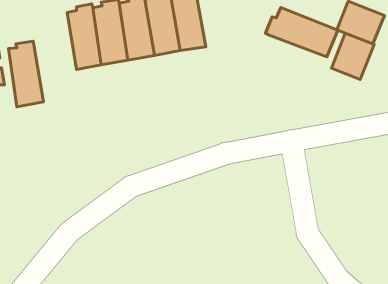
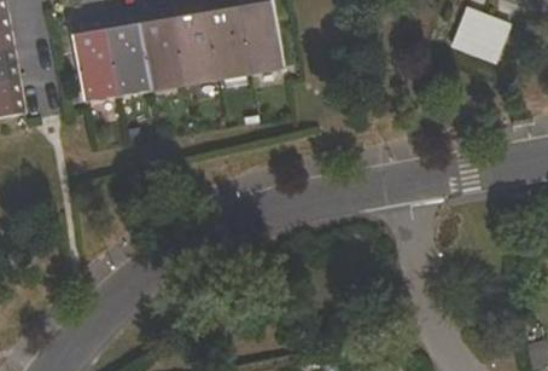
building: [265,7,338,57] -> none
building: [331,33,374,79] -> none
building: [8,41,43,107] -> [72,17,117,100]

